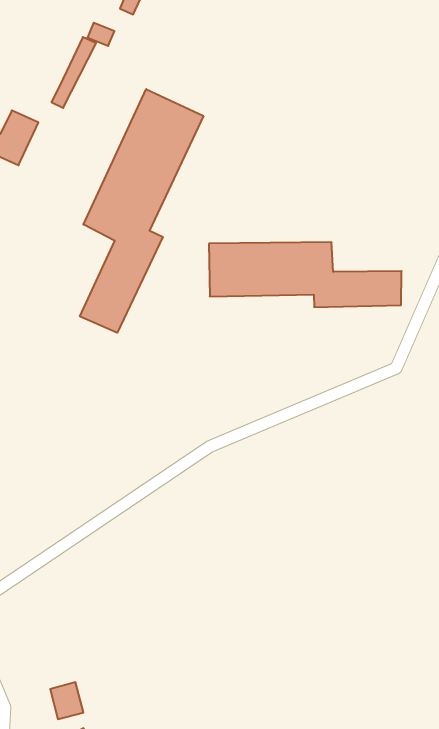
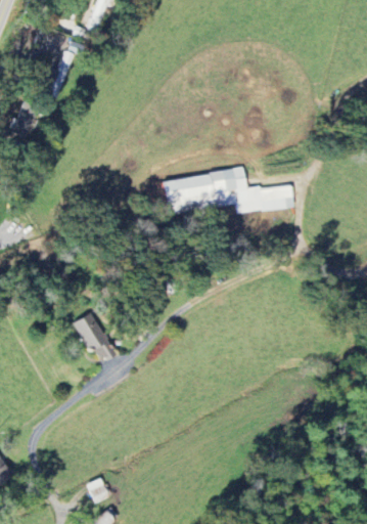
building: [80,89,203,333] -> none
building: none -> [73,311,114,364]

